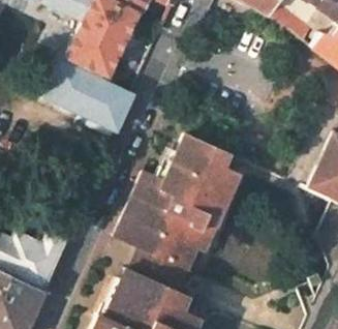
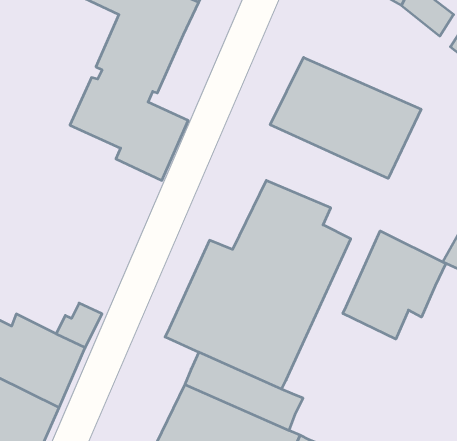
building: none -> [270,57,421,178]
building: none -> [343,231,446,339]

